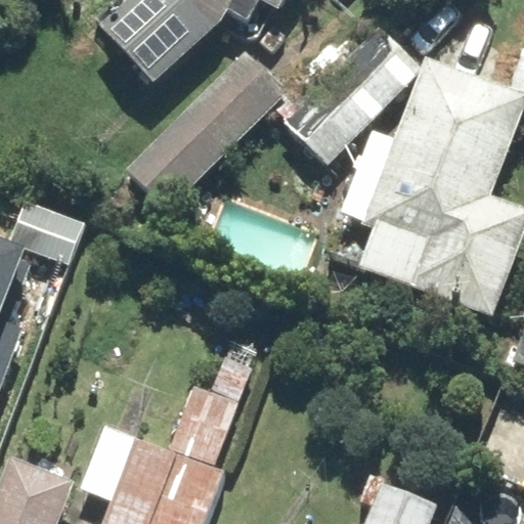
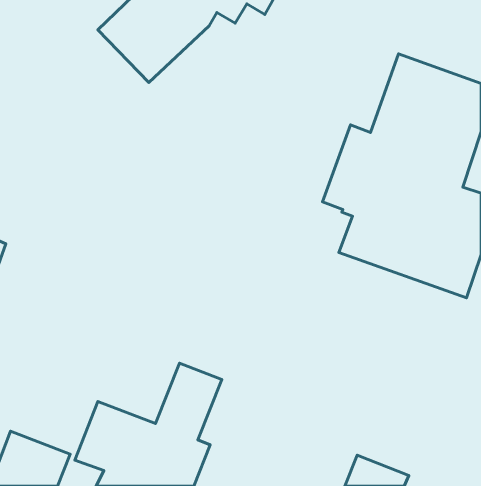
building: [282,25,420,158] -> none
building: [125,54,286,211] -> none

